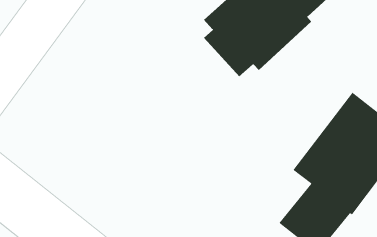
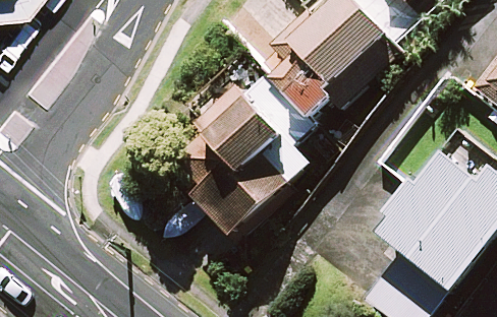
building: none -> [171,81,308,233]

